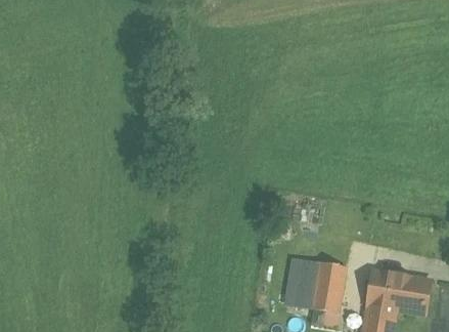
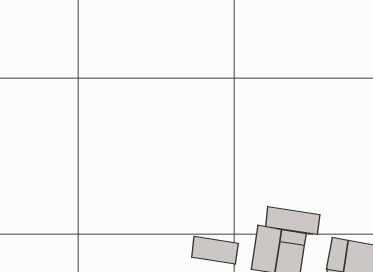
building: none -> [266,206,320,235]
building: none -> [192,236,238,264]

